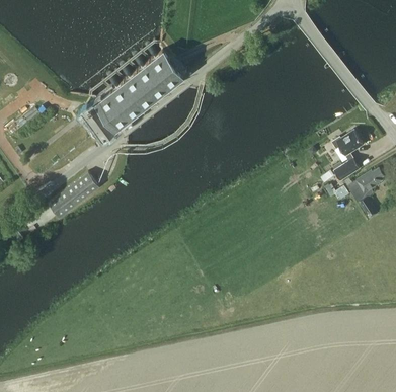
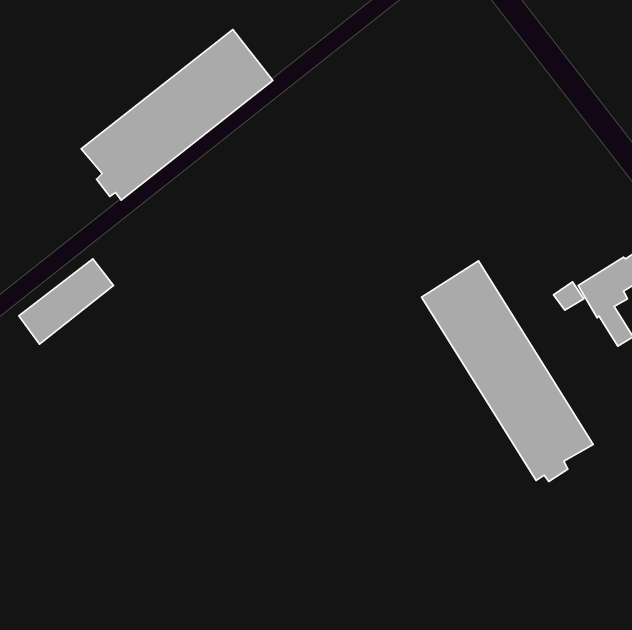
building: [331,130,364,180] -> none
building: none -> [421,261,593,481]

